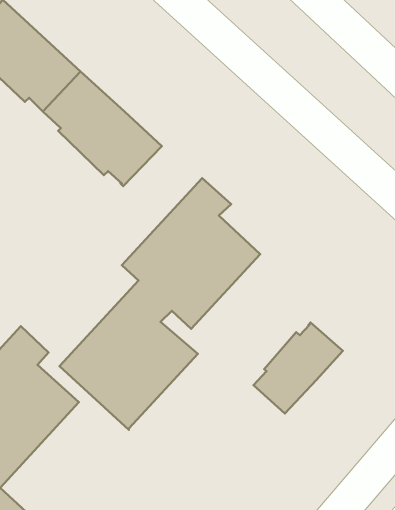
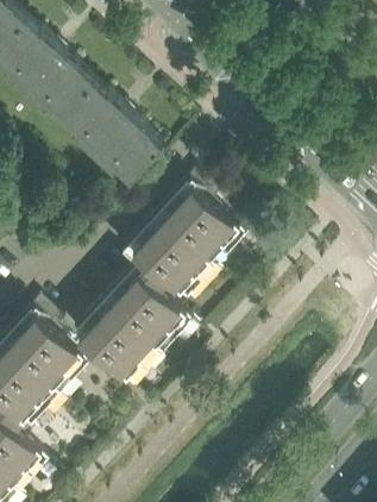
building: [254,323,343,414] -> none

